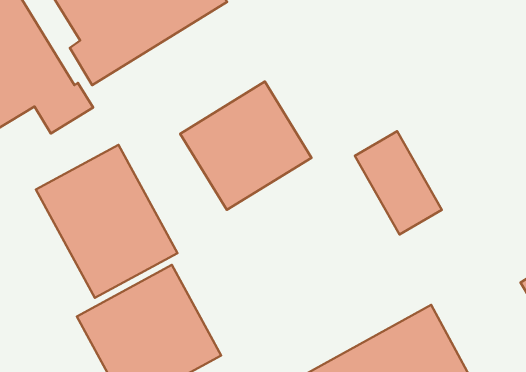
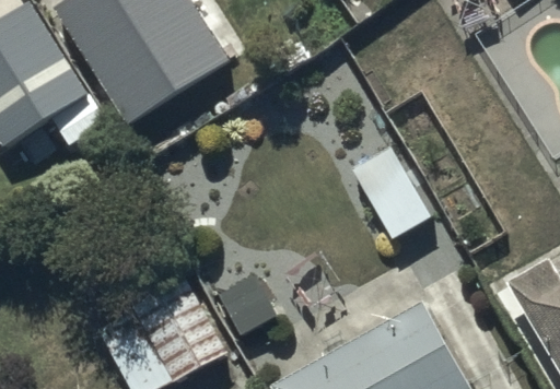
building: [180,82,312,210] -> none
building: [36,145,177,298] -> none

